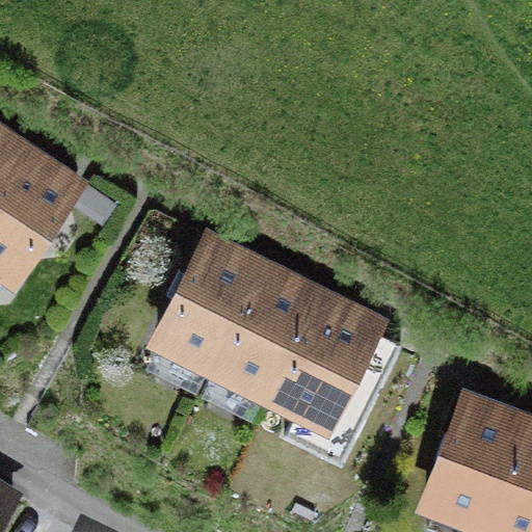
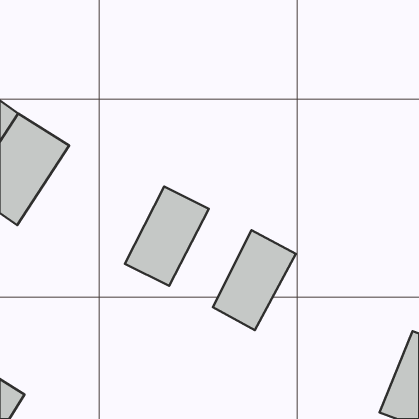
building: [214,264,318,389] -> none
building: [423,397,522,522] -> none

